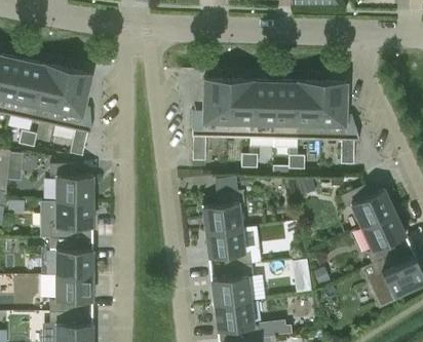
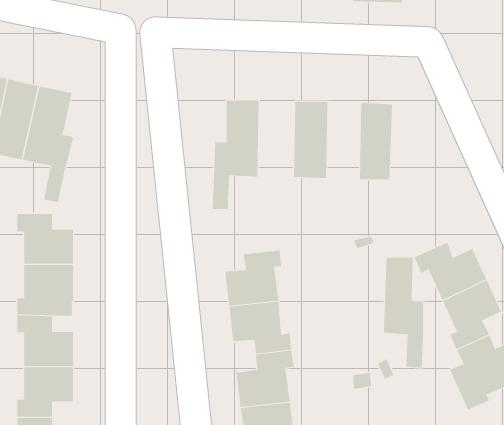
building: [227,79,254,136] -> none
building: [276,80,302,148] -> none
building: [323,82,353,163] -> [383,257,424,368]

